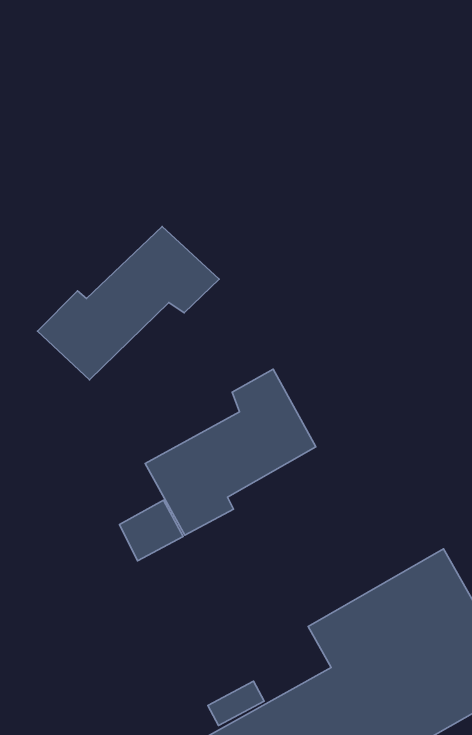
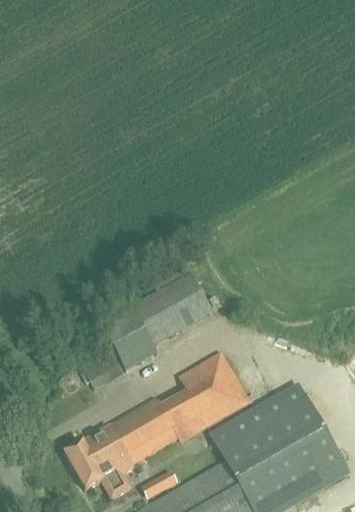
building: [37,227,219,380] -> none
building: none -> [63,352,248,499]

